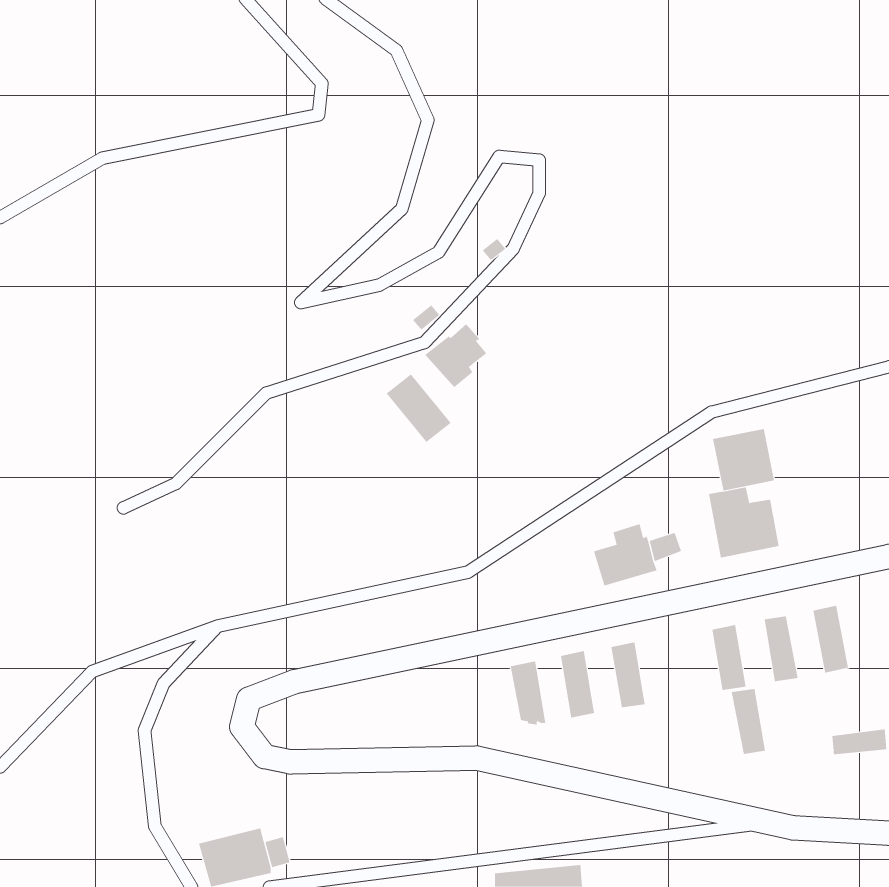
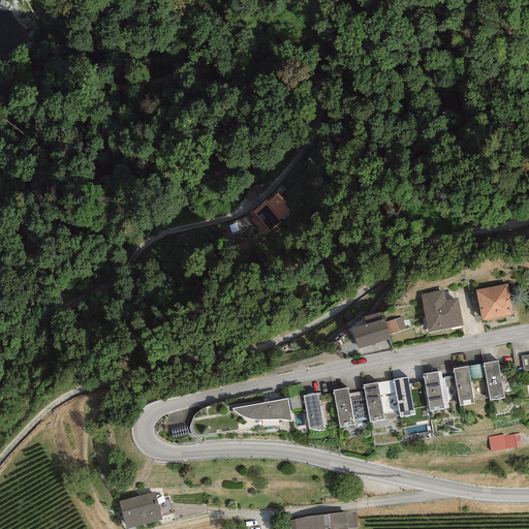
building: [386,373,451,443] -> none
building: [712,428,775,491] -> [475,283,512,320]
building: none -> [232,397,291,421]
building: [731,688,766,754] -> [393,376,413,415]

